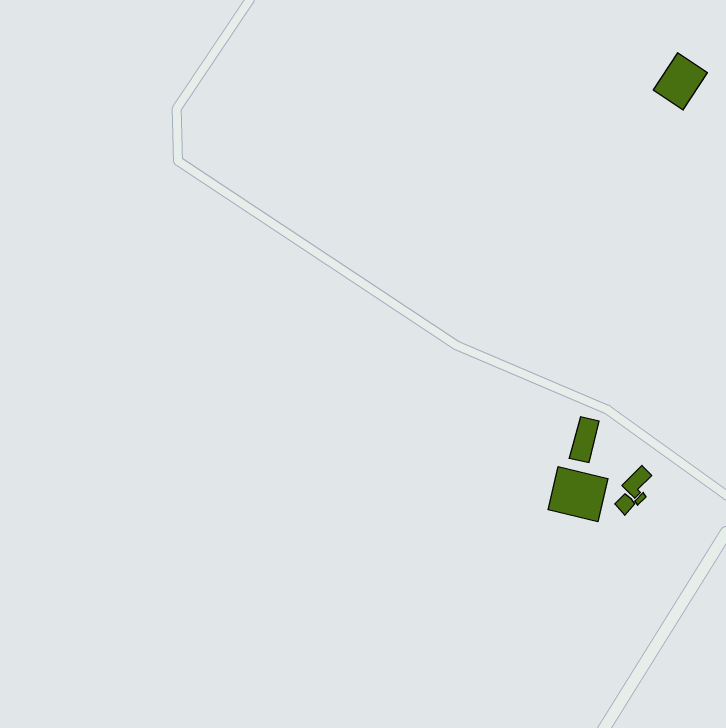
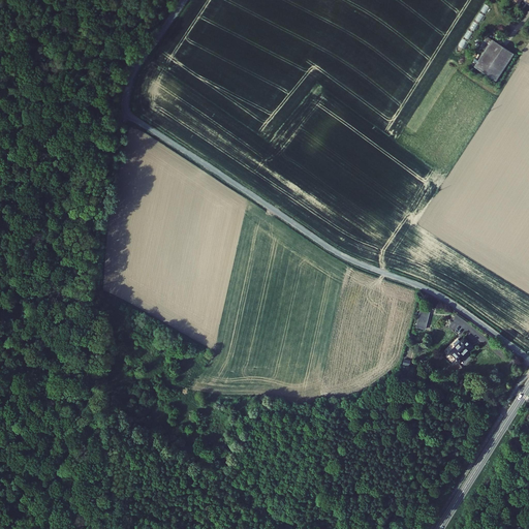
building: [548,467,608,522] -> none

